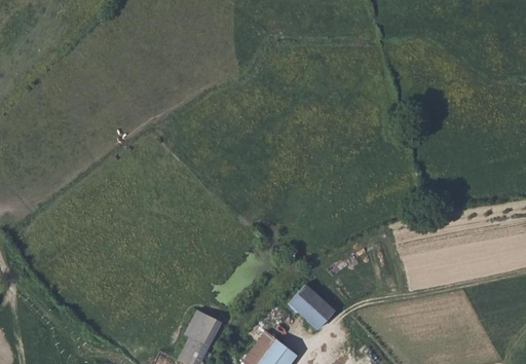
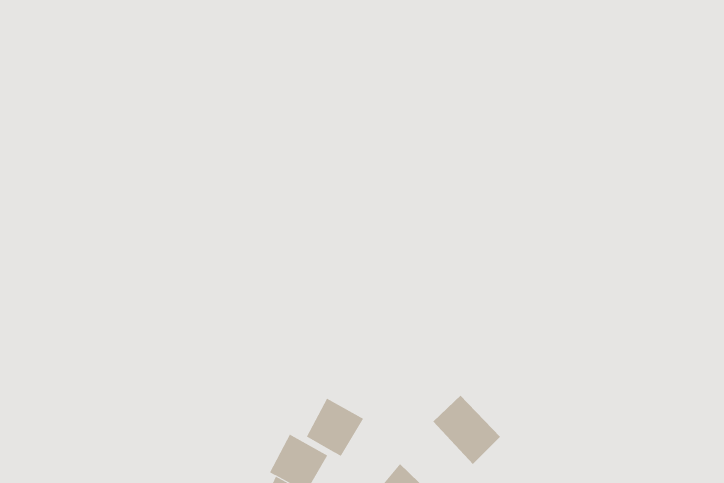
building: none -> [306,398,364,457]

